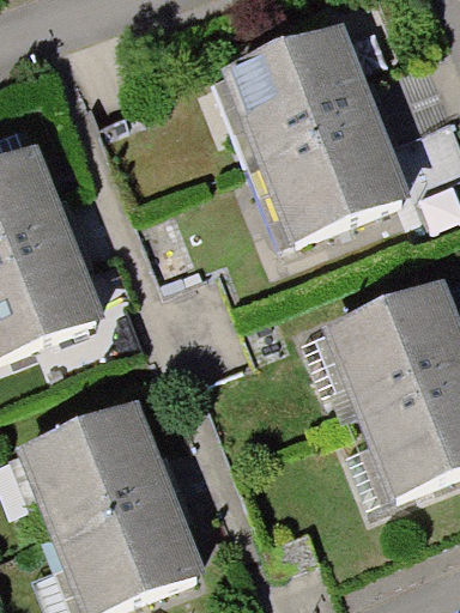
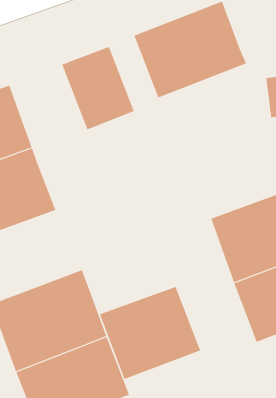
building: none -> [61,46,135,130]
building: [247,108,405,242] -> none
building: none -> [99,286,201,380]

